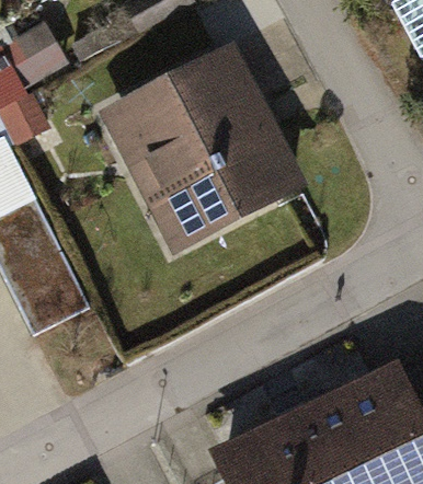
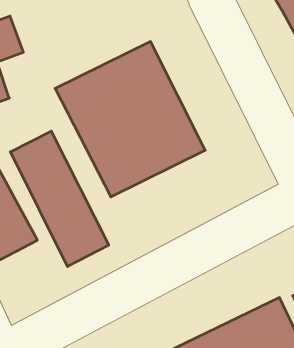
building: none -> [10,131,109,267]

